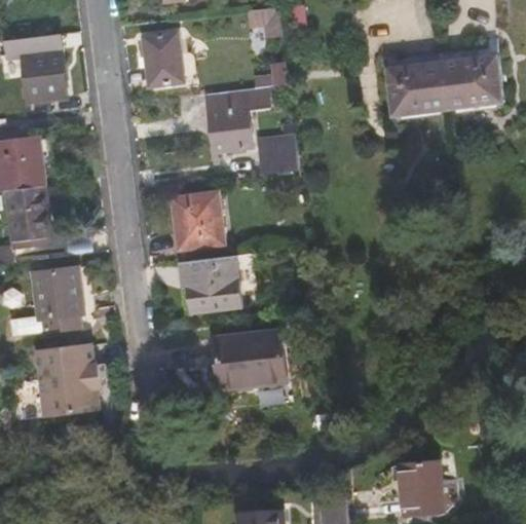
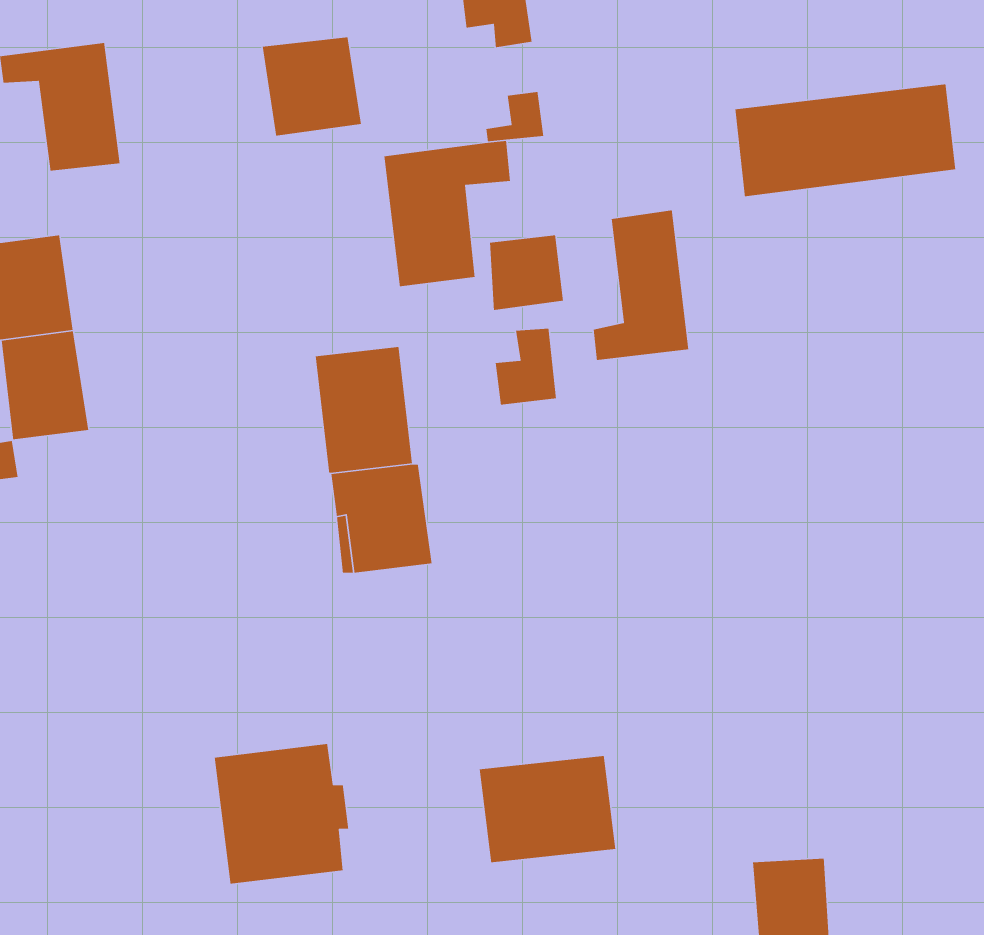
building: none -> [593,210,689,361]
building: none -> [495,328,557,406]
building: [27,267,77,331] -> none
building: [213,331,285,387] -> [479,755,616,863]
building: [35,342,106,416] -> [214,743,349,884]

